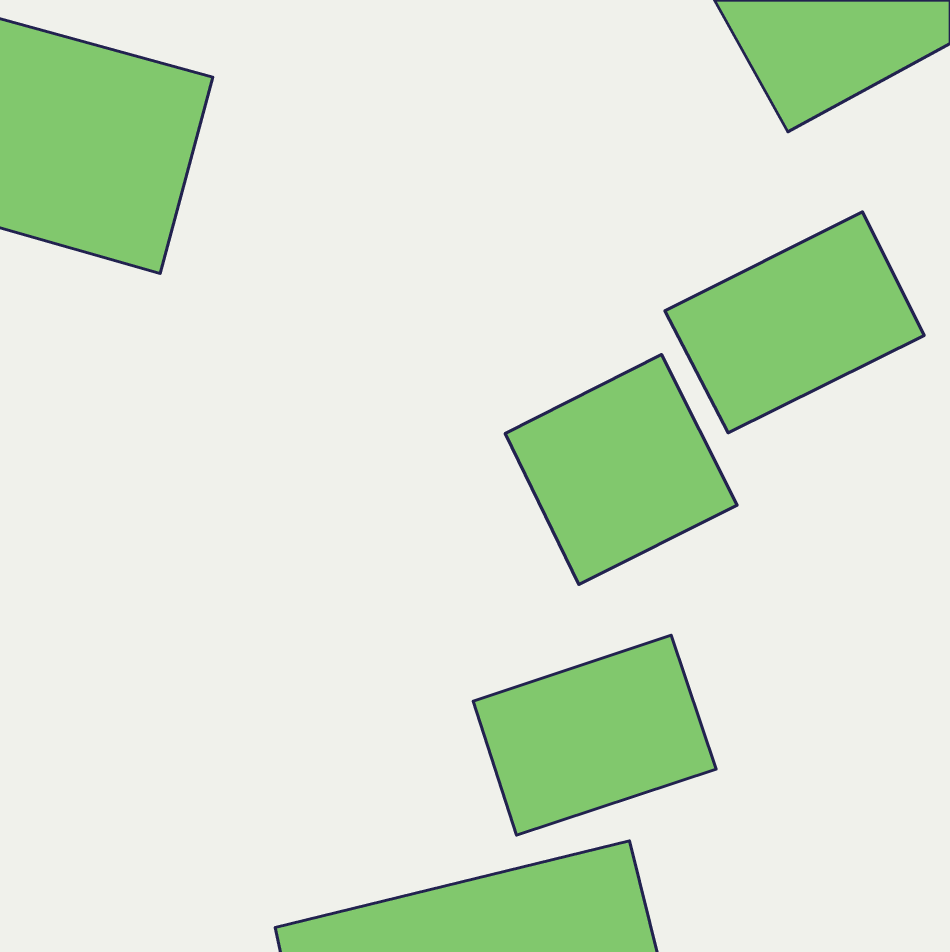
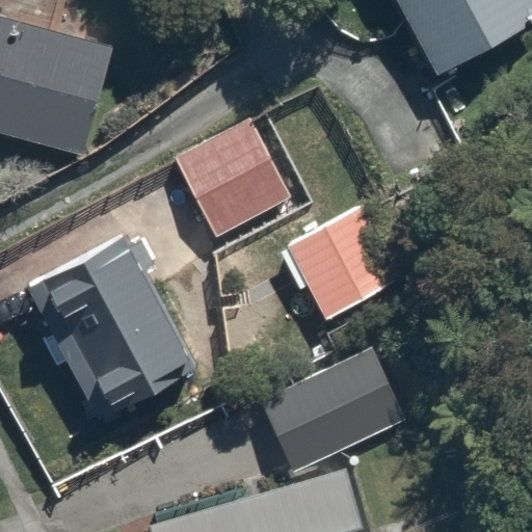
building: none -> [168,117,293,236]
building: [665,212,924,433] -> none
building: none -> [30,238,193,410]

